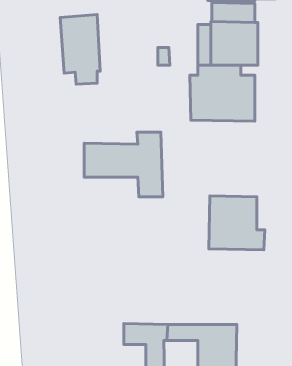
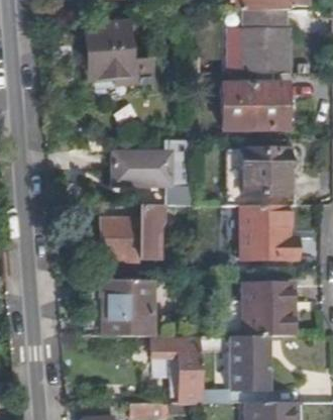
building: none -> [242,151,290,206]
building: none -> [102,205,164,259]
building: none -> [100,282,155,334]
building: none -> [244,284,296,335]

